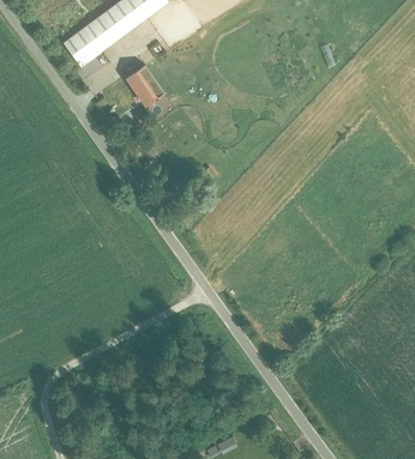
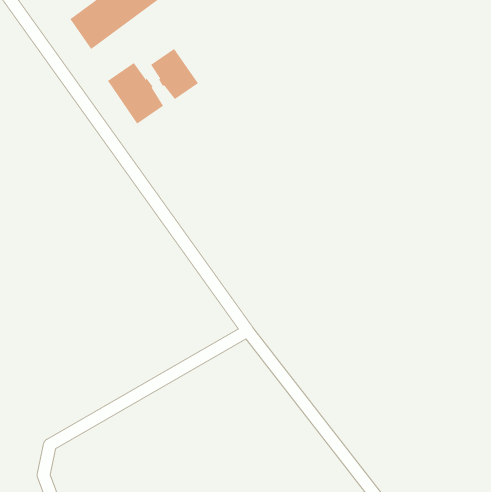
building: none -> [107,62,164,124]

